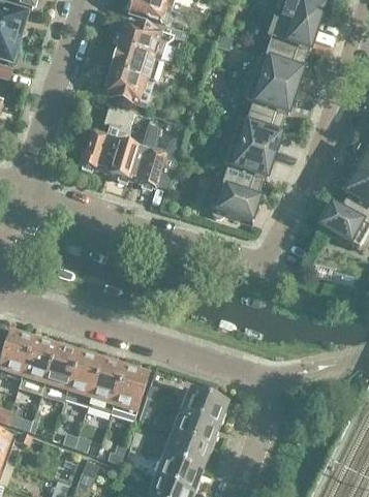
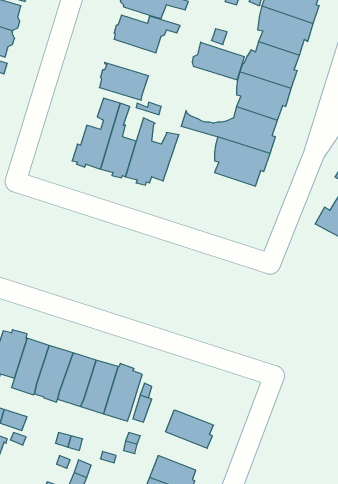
building: [110,42,161,80] -> [192,42,244,80]
building: [205,175,259,222] -> none
building: [179,386,226,424] -> none
building: [163,431,212,468] -> none

